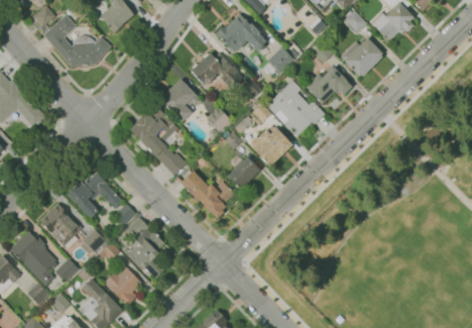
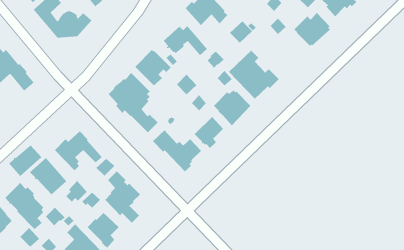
building: [306,67,351,103] -> none
building: none -> [8,144,42,177]

